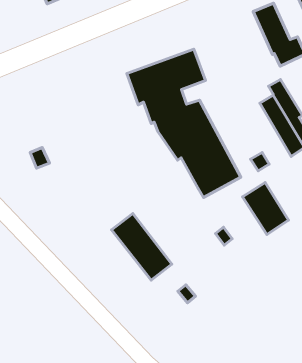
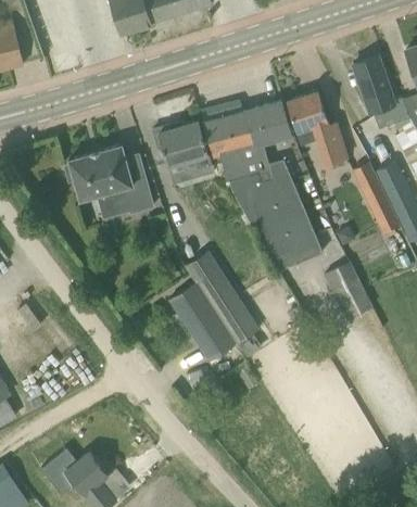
building: none -> [287,91,346,166]
building: none -> [153,122,212,170]
building: none -> [65,145,153,213]
building: none -> [186,251,258,344]

